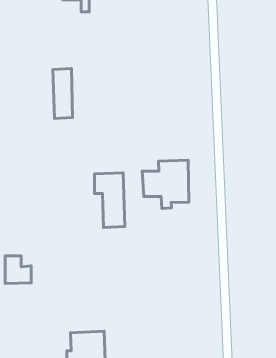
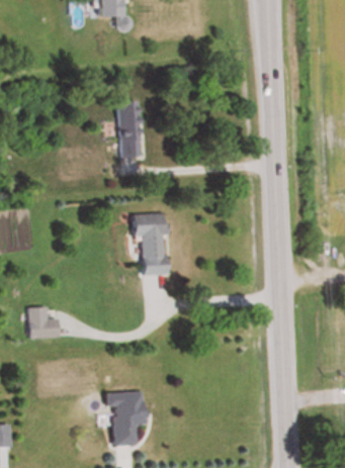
building: [53,68,72,119] -> [117,101,140,158]
building: [142,160,189,209] -> none

